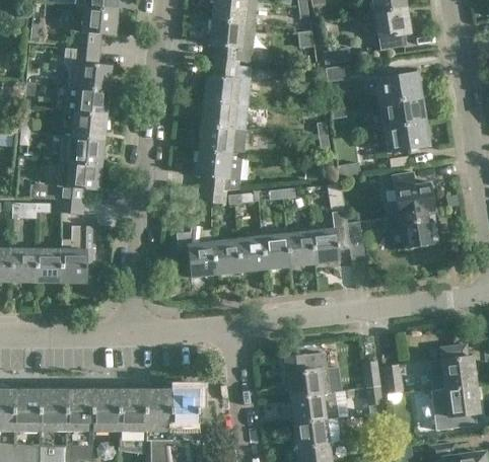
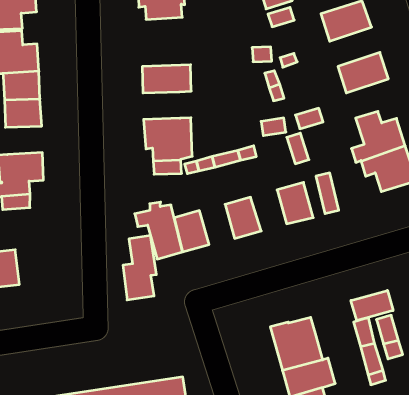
building: [204,62,252,104] -> none
building: [379,95,424,127] -> none
building: [198,124,246,153] -> none
building: [68,136,103,164] -> none
building: [61,226,91,282] -> [123,236,156,300]
building: [285,231,315,266] -> none
building: [236,237,265,272] -> none
building: none -> [351,290,393,321]

